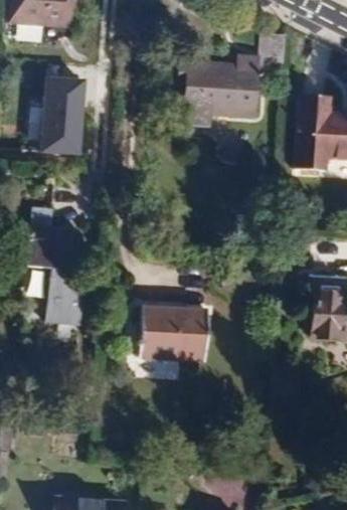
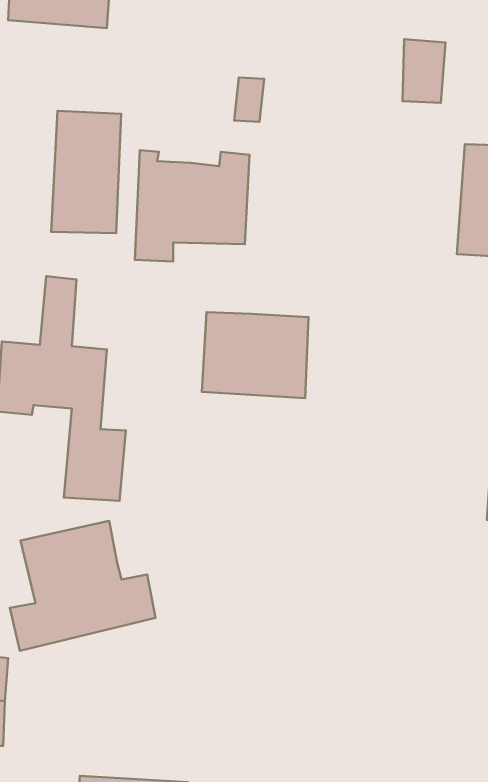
building: [186,56,258,127] -> [135,150,249,262]
building: [140,307,207,361] -> [202,312,308,398]
building: none -> [10,521,155,651]

